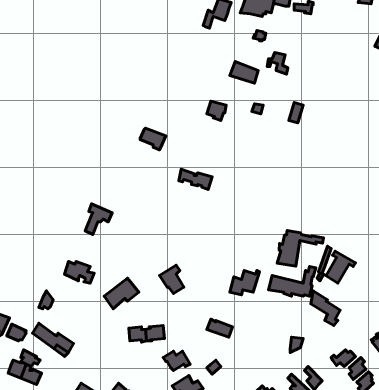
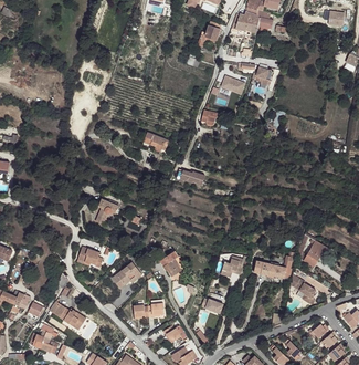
building: [277,230,324,266] -> none

